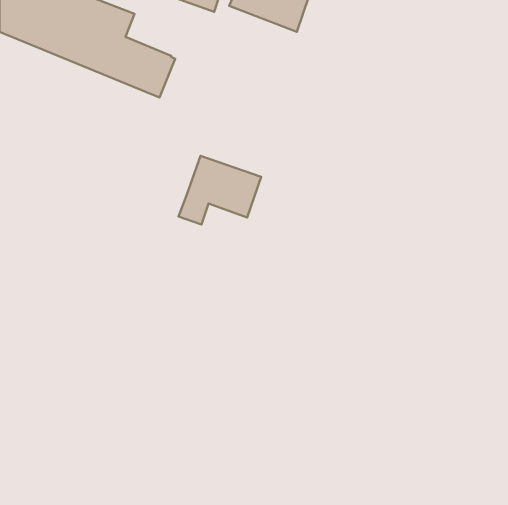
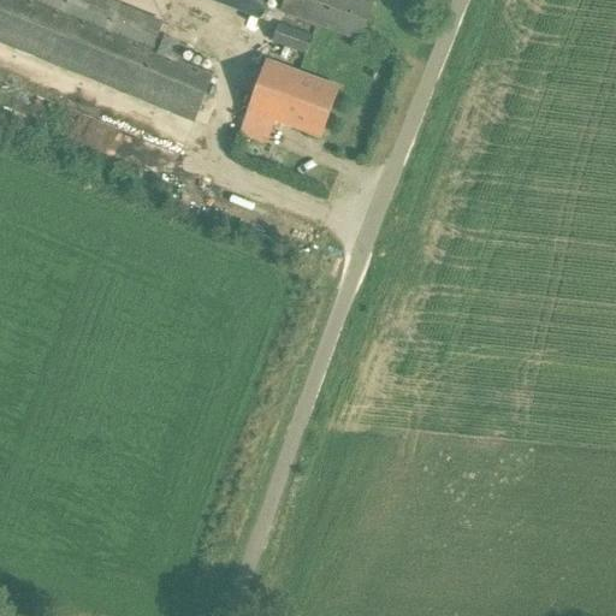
building: none -> [271,19,312,51]
building: [178,156,261,224] -> [238,57,338,140]

